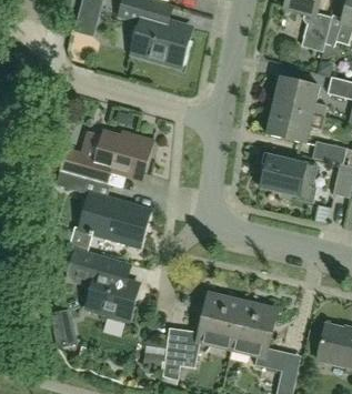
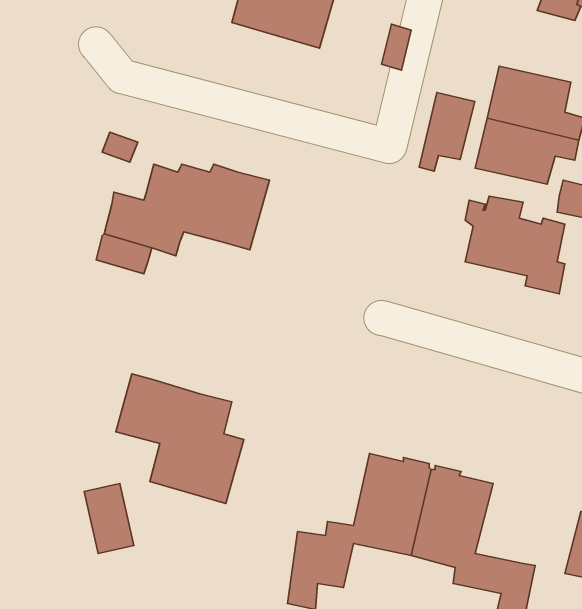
building: none -> [419,92,475,171]
building: [68,192,150,250] -> none

